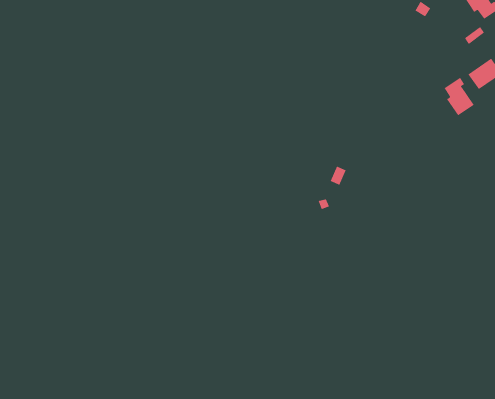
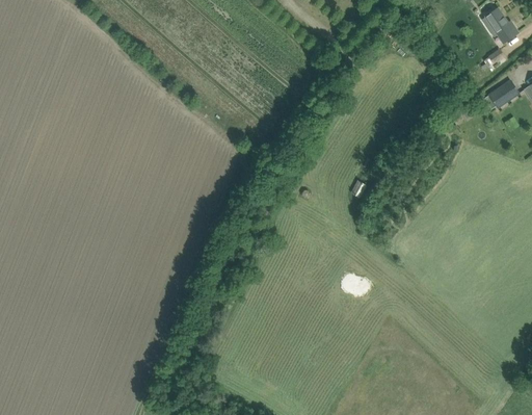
building: [444,77,474,116] -> none

